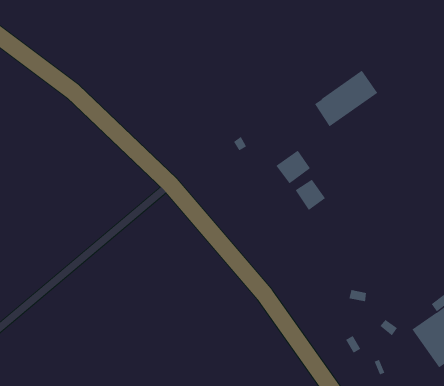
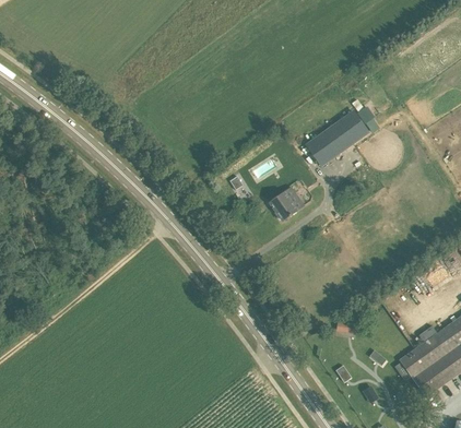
building: [295,179,326,211] -> none

